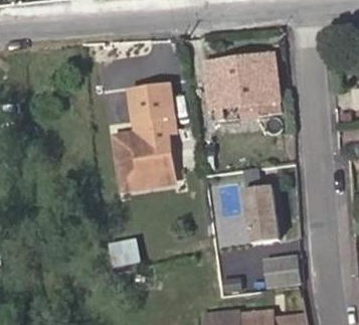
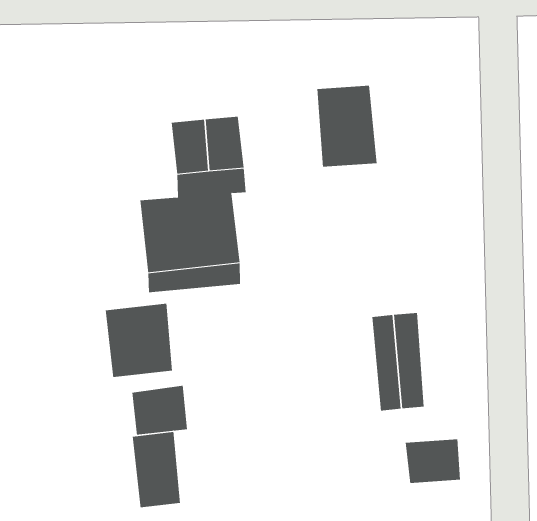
building: [237,57,281,107] -> none
building: none -> [105,303,172,378]
building: none -> [132,431,181,508]

